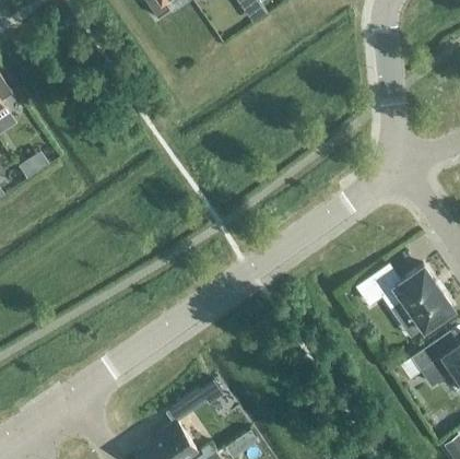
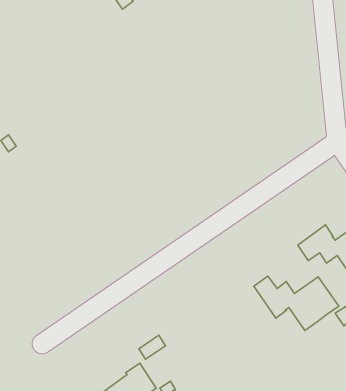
building: none -> [254,276,339,331]

